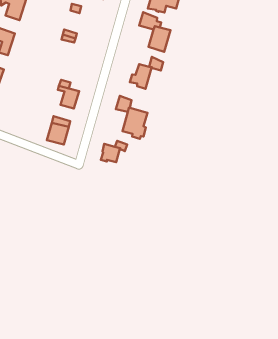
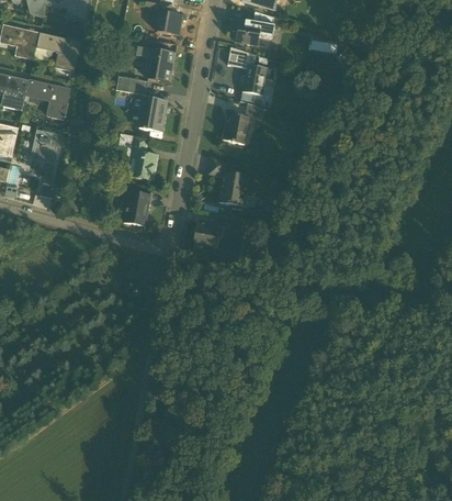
building: none -> [147,48,174,82]
building: none -> [143,97,166,131]

